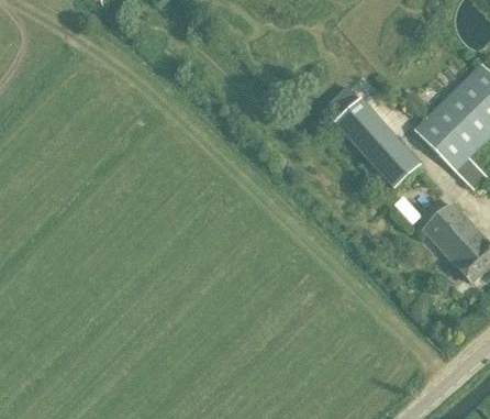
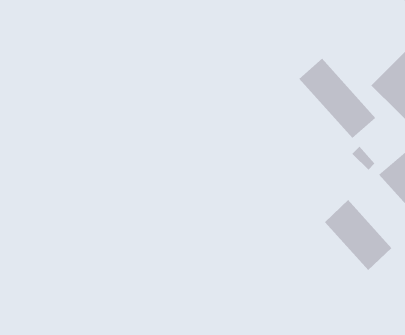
building: none -> [324,199,392,271]

